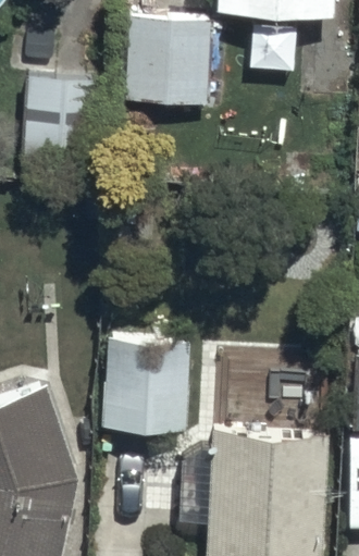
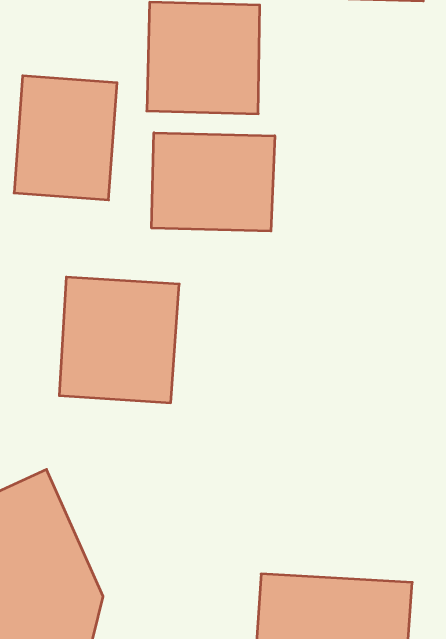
building: none -> [152,133,275,231]
building: [99,334,191,431] -> [59,277,179,403]

